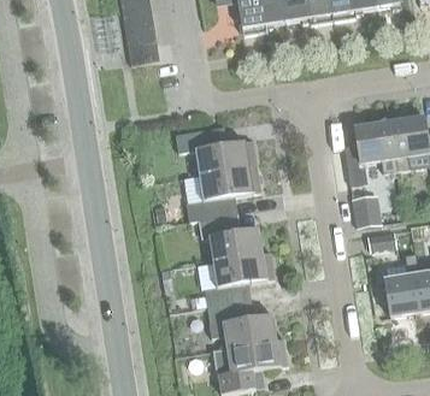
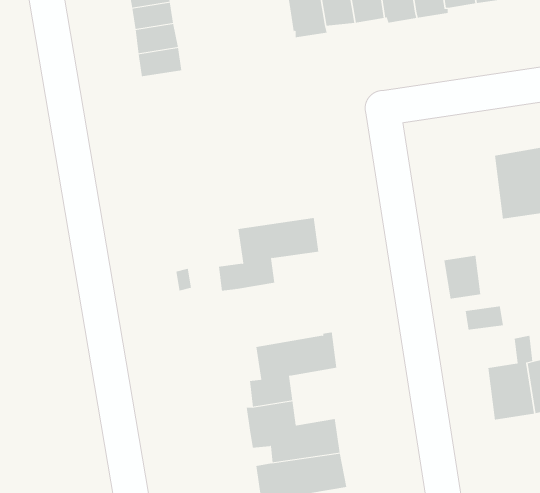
building: [344,120,395,184] -> none
building: [176,126,257,175] -> none
building: [199,214,263,261] -> none

